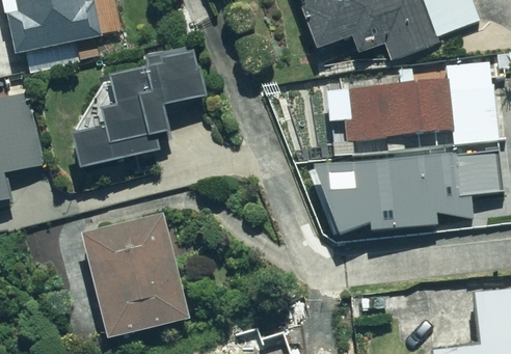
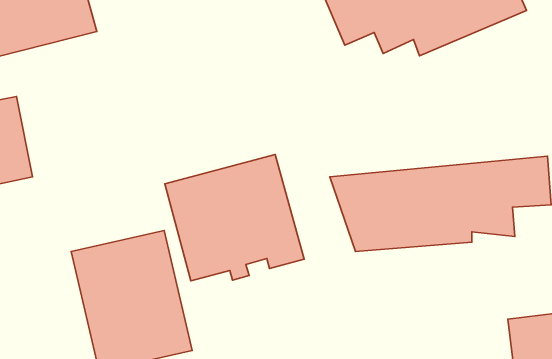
building: [63,47,207,171] -> none
building: [330,58,500,138] -> none
building: none -> [165,154,304,281]

